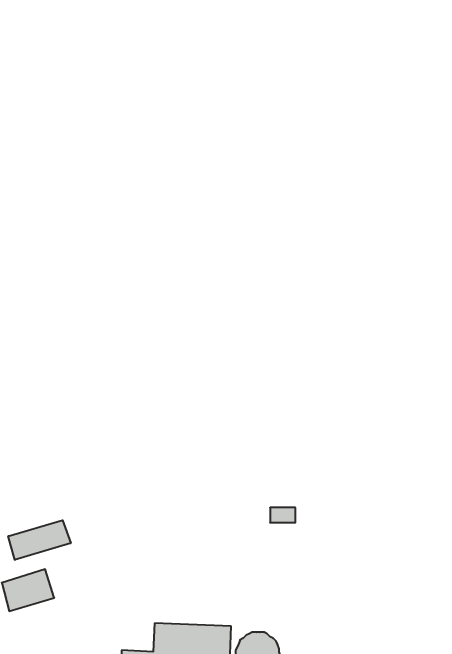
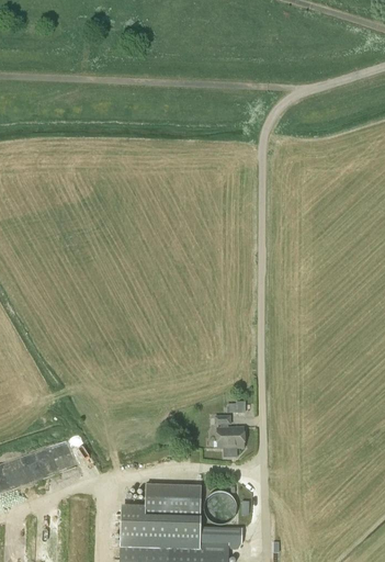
building: [8,520,71,560] -> none
building: none -> [216,417,245,449]

